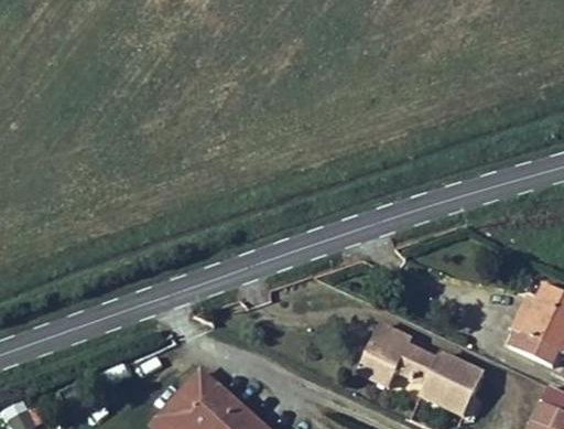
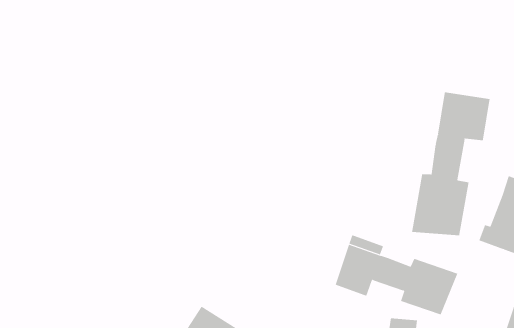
building: none -> [412,92,490,236]

